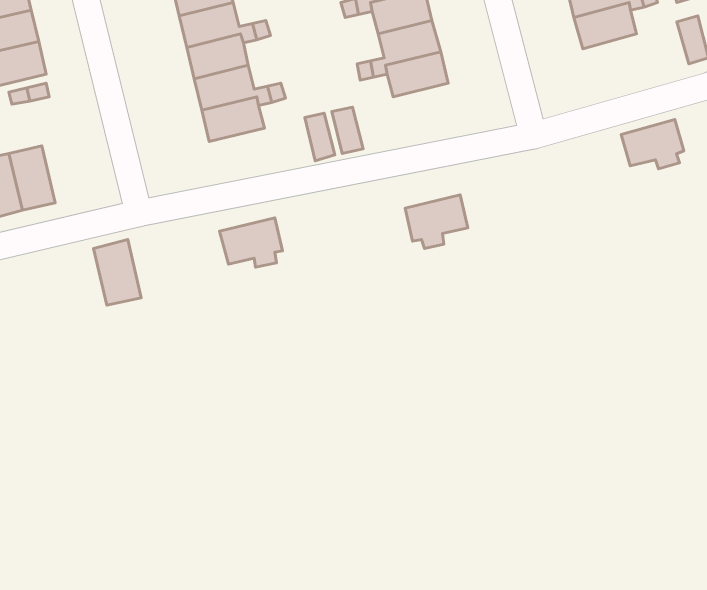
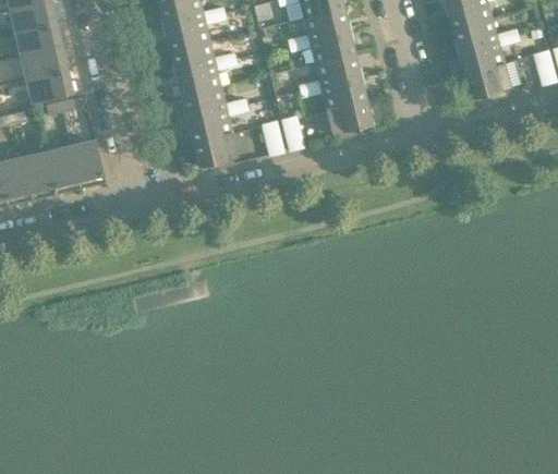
building: [621,119,684,169] -> [462,62,508,98]
building: [405,195,468,249] -> [324,98,369,137]
building: [220,218,282,267] -> [190,131,235,167]
building: [93,239,141,305] -> [68,137,102,185]

